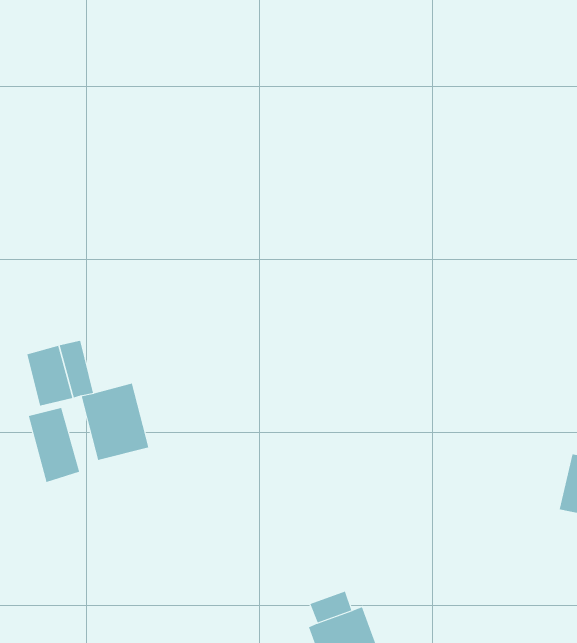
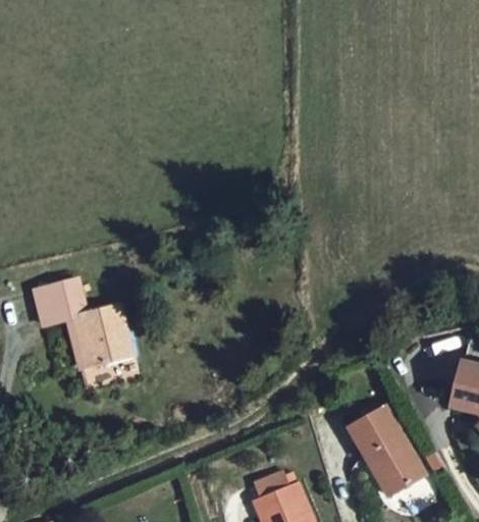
building: [28,407,80,483] -> none
building: none -> [351,410,423,495]

